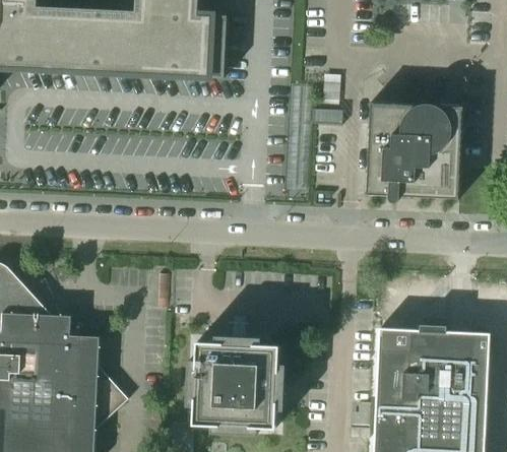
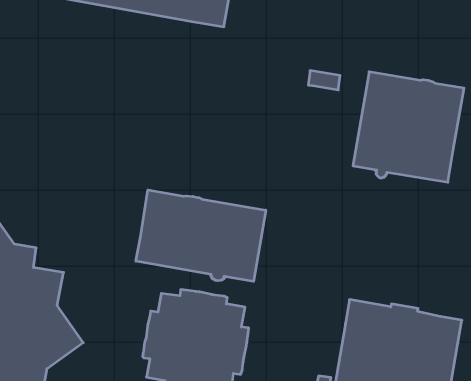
building: none -> [136,190,266,281]

